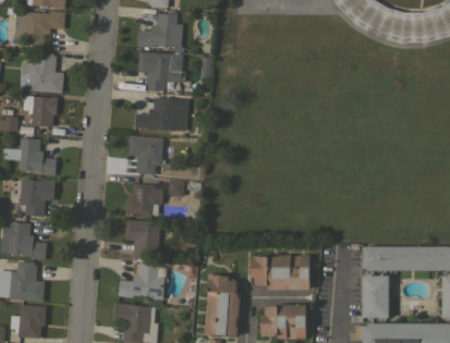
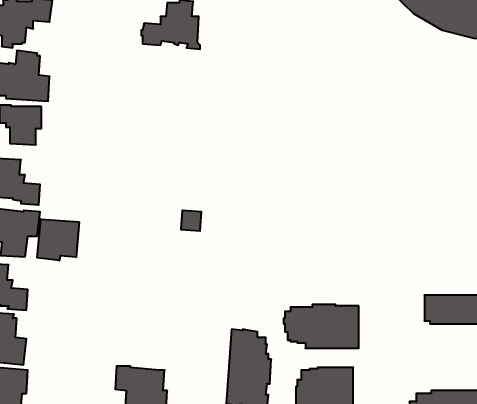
building: [139,52,182,91] -> none
building: [135,98,190,132] -> none
building: [129,135,165,175] -> none
building: [129,184,165,216] -> none
building: none -> [37,219,79,261]
building: [126,220,161,259] -> none
building: [119,264,167,299] -> none
building: [363,274,390,320] -> none

